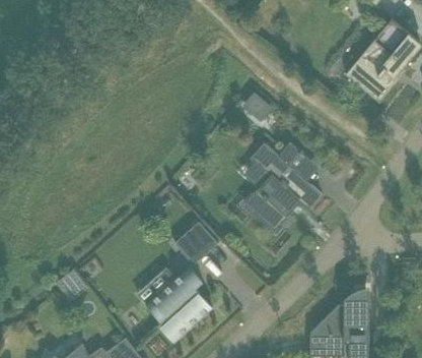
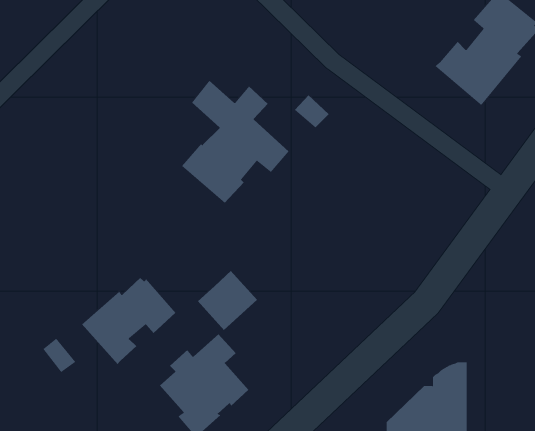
building: [243,141,322,231] -> [181,80,290,204]
building: none -> [81,277,176,365]

